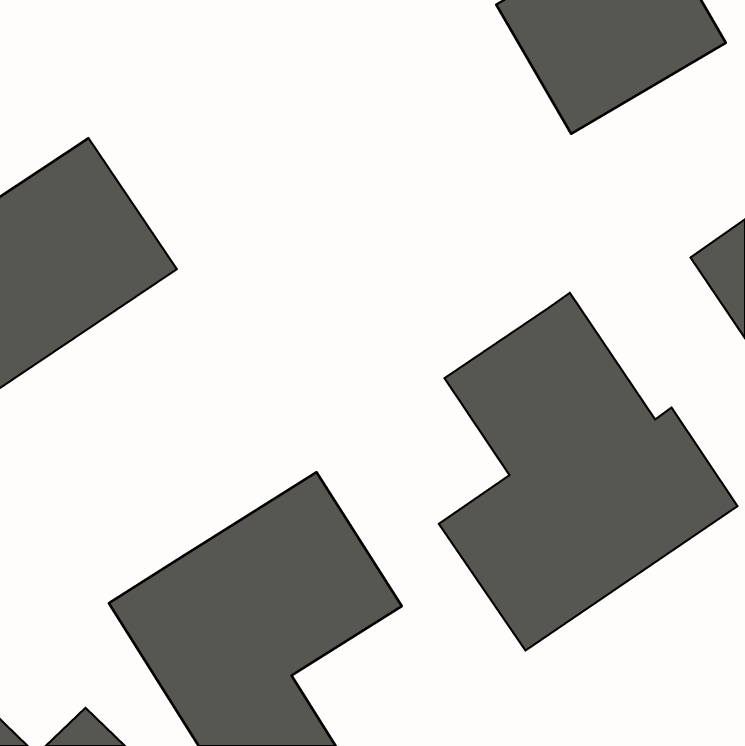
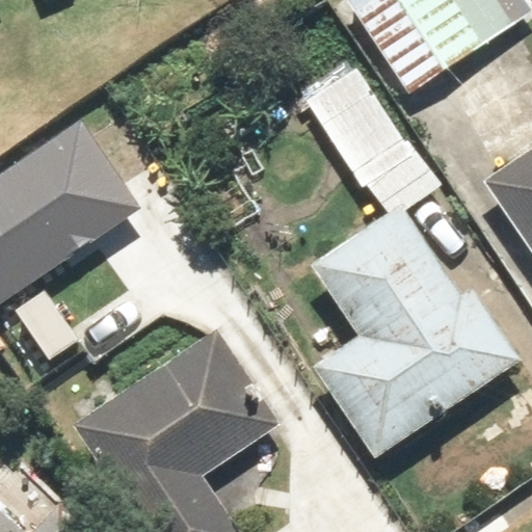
building: none -> [307,65,435,217]

